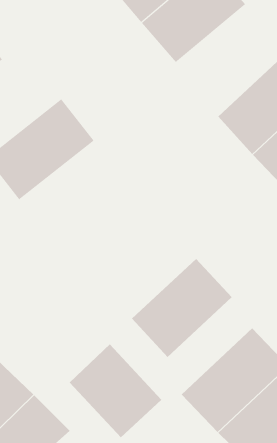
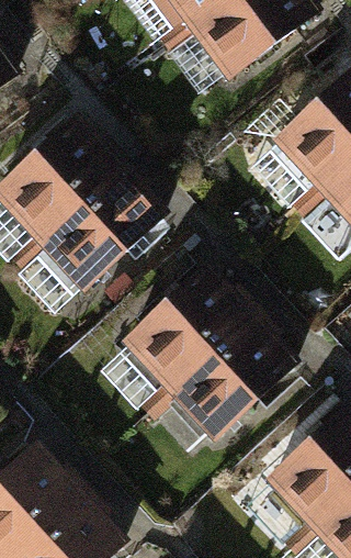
building: none -> [26,177,160,302]
building: none -> [118,272,245,397]
building: [69,344,162,438] -> none

